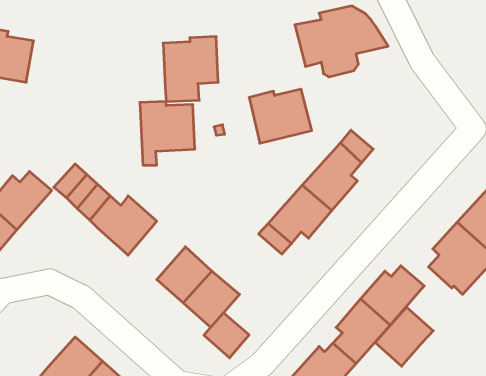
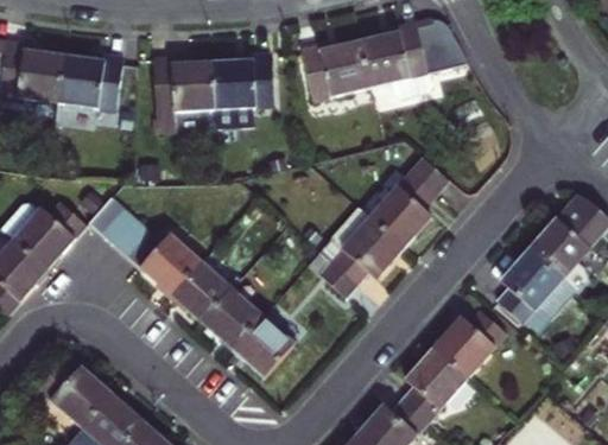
building: none -> [57,57,125,114]
building: [249,89,312,143] -> [299,40,369,101]
building: [140,101,195,165] -> [151,57,213,128]
building: none -> [171,260,235,325]
building: [375,307,433,366] -> none
building: none -> [37,357,112,422]
building: [204,313,249,358] -> none

